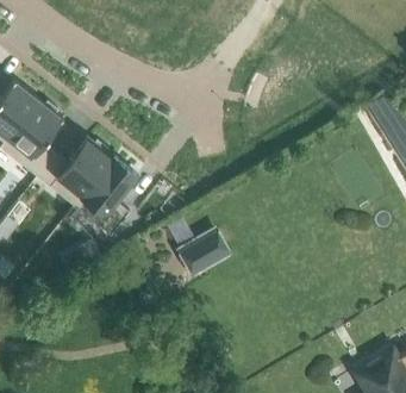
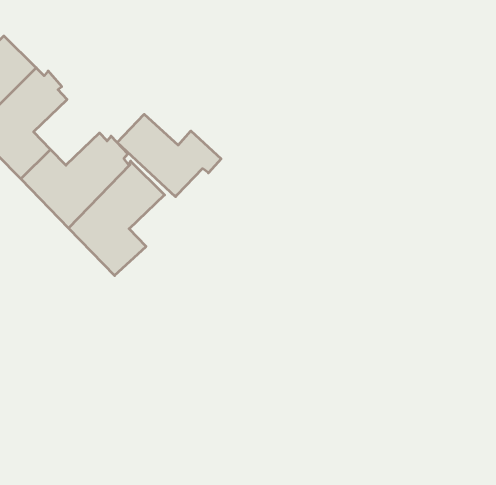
building: none -> [117,114,221,197]
building: [168,217,229,273] -> none

